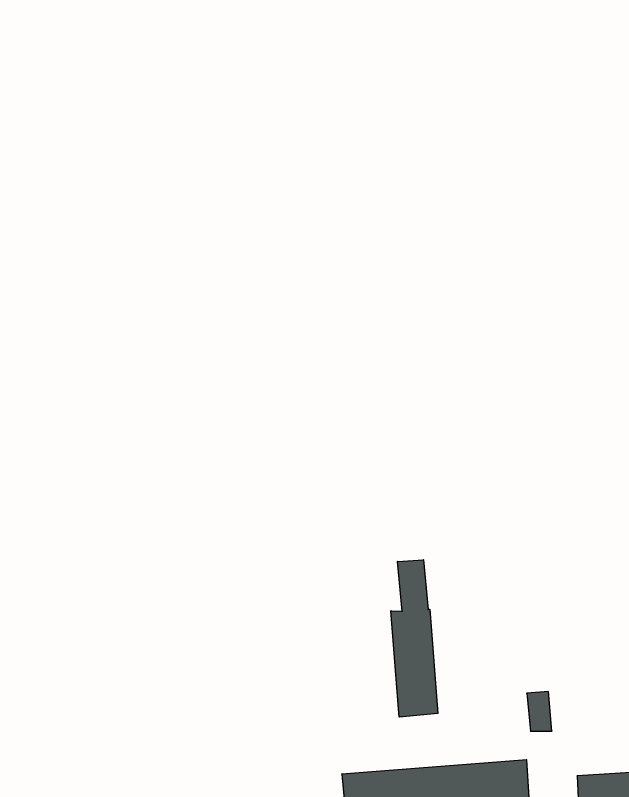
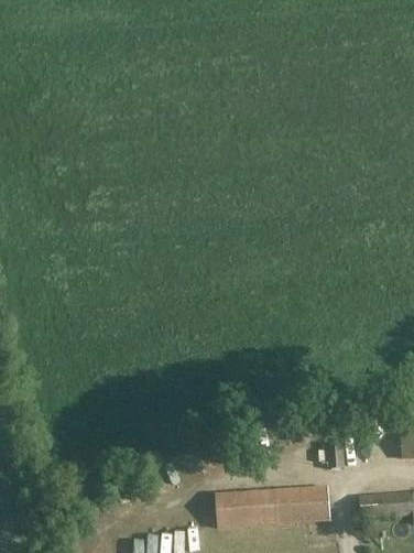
building: [391,560,438,717] -> none

